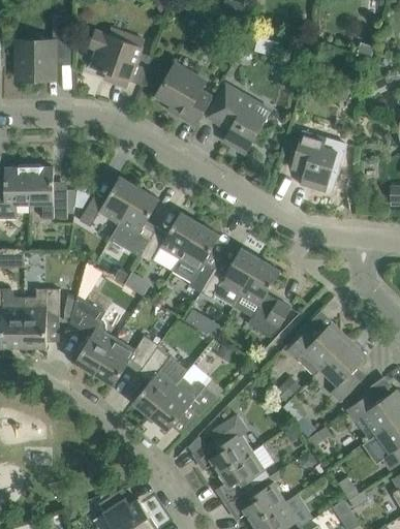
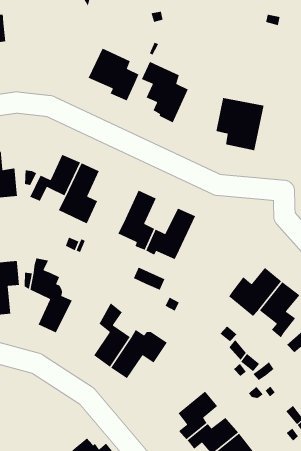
building: [89,30,151,88] -> none
building: [140,212,199,270] -> none
building: [239,258,290,336] -> none
building: [94,335,157,385] -> none
building: [188,413,252,473] -> none

